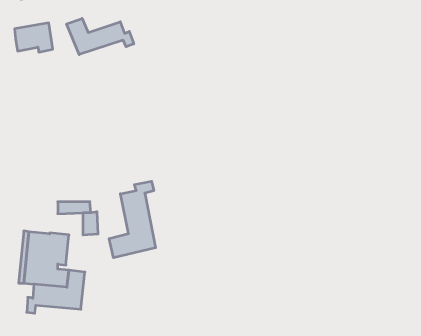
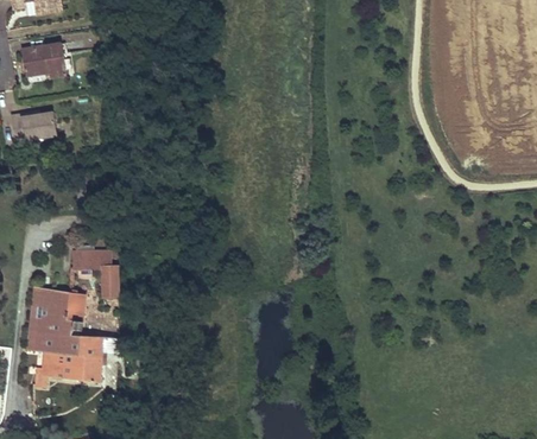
building: [67,18,134,55] -> none
building: none -> [11,112,57,141]
building: [109,181,156,258] -> none

